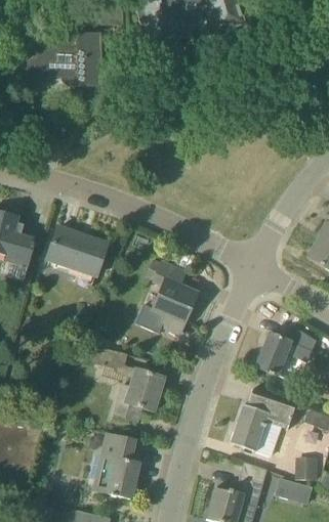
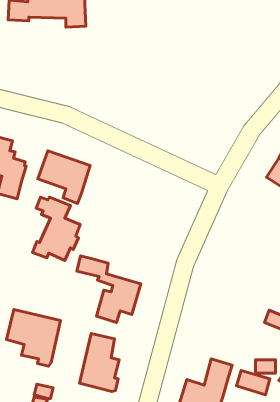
building: [142,262,197,334] -> [32,197,80,261]
building: [255,325,316,376] -> none
building: [230,390,295,456] -> none
building: none -> [7,309,61,366]

